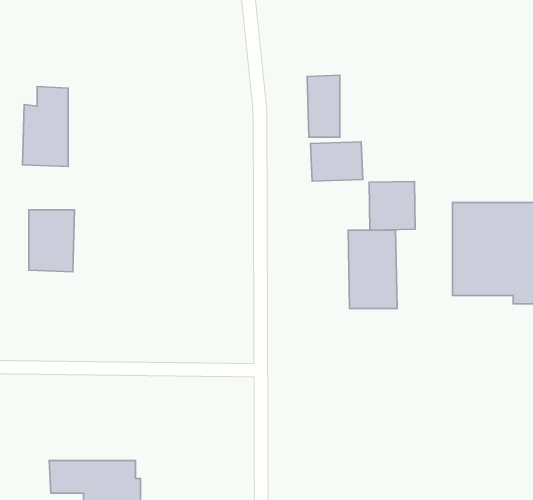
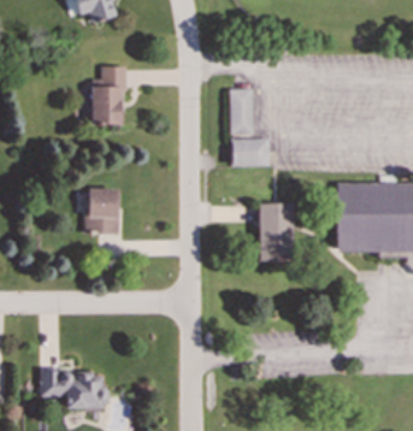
building: [23,86,68,166] -> [92,65,125,124]
building: [369,181,415,230] -> none
building: [29,210,75,272] -> [87,188,120,234]

